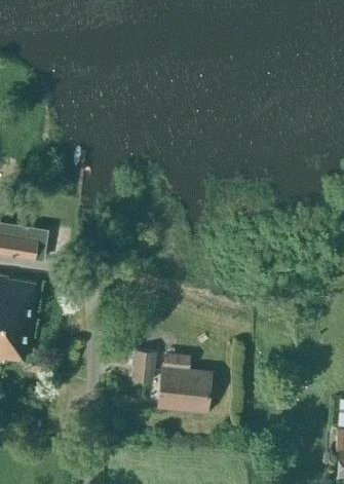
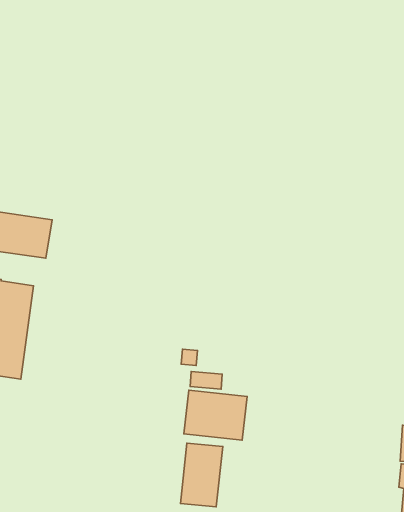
building: [131,350,154,381] -> none
building: none -> [180,443,223,507]

